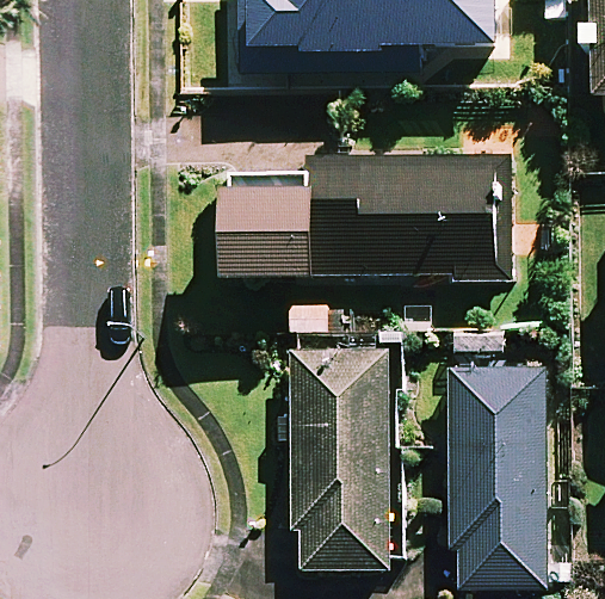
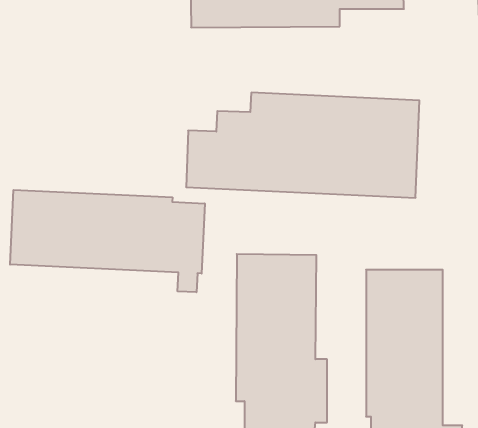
building: none -> [10,190,205,292]

